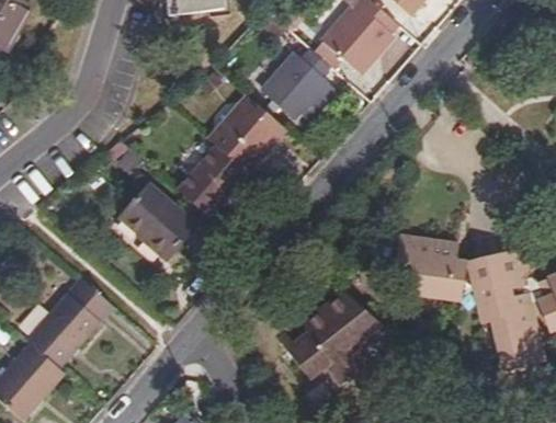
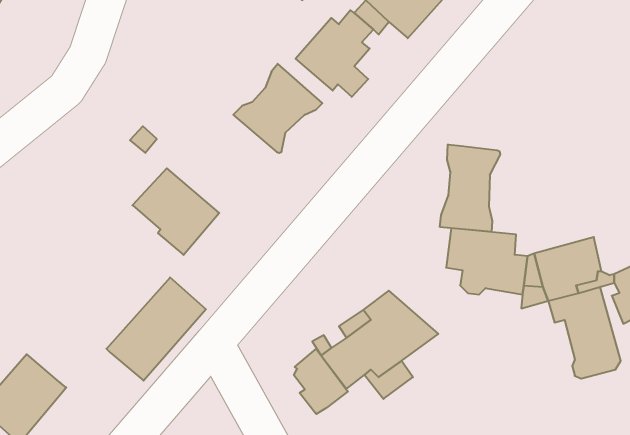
building: [179,145,247,216] -> none
building: none -> [440,144,500,232]
building: [29,279,114,368] -> [106,277,206,381]
building: none -> [294,349,348,414]

